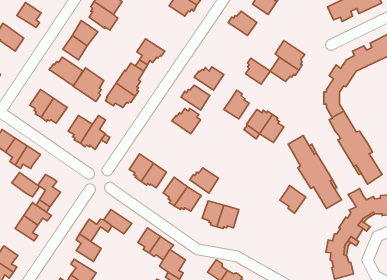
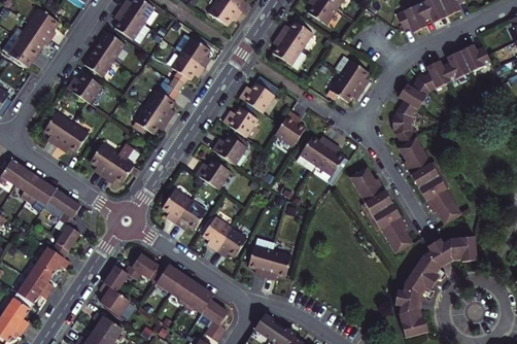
building: none -> [19,25,51,51]
building: none -> [181,36,211,67]
building: [246,58,270,84] -> [273,33,302,64]
building: [73,68,104,101] -> none
building: [190,168,218,193] -> [197,159,231,188]
building: [12,172,40,197] -> [47,190,80,218]
building: [280,186,306,213] -> none
building: none -> [154,266,183,294]
building: none -> [16,277,49,304]

